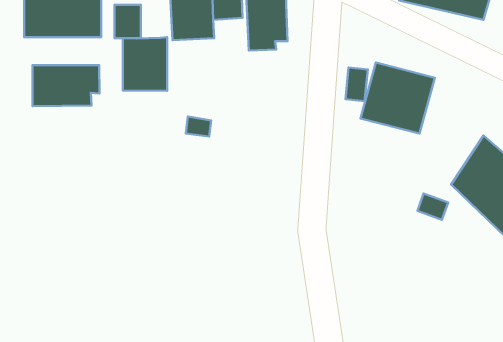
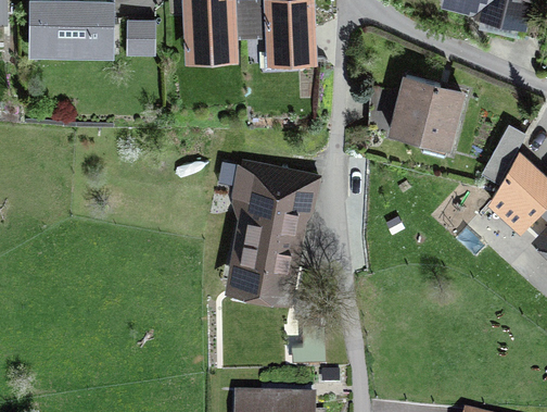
building: [123,37,167,91] -> none
building: [33,65,100,106] -> none
building: none -> [234,160,305,289]

